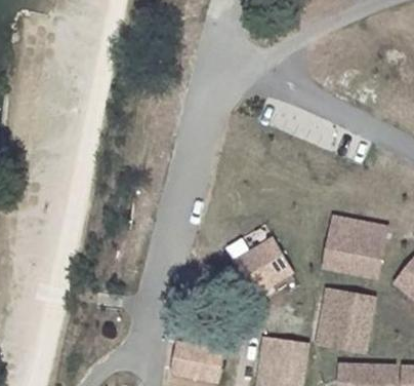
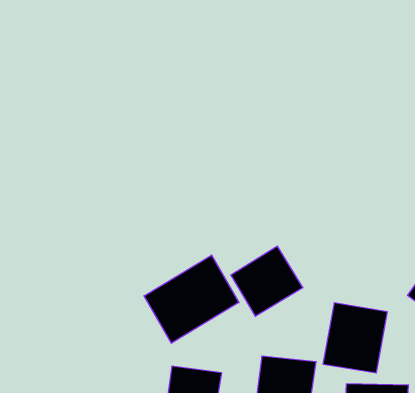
building: [325,218,389,276] -> none
building: none -> [144,255,239,343]

